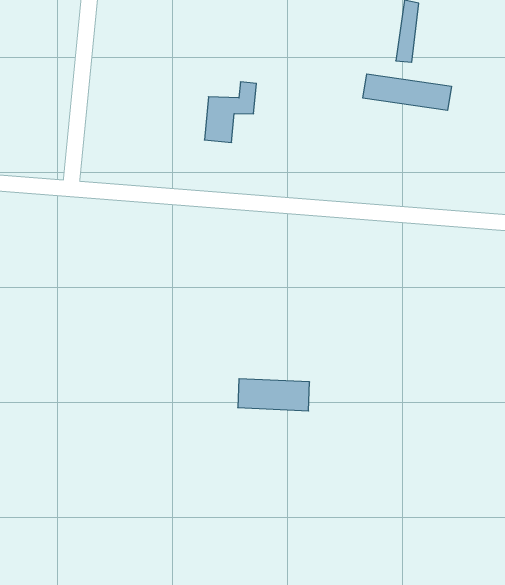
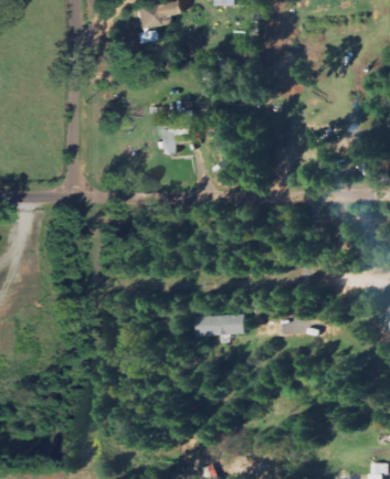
building: [363,74,451,110] -> none

